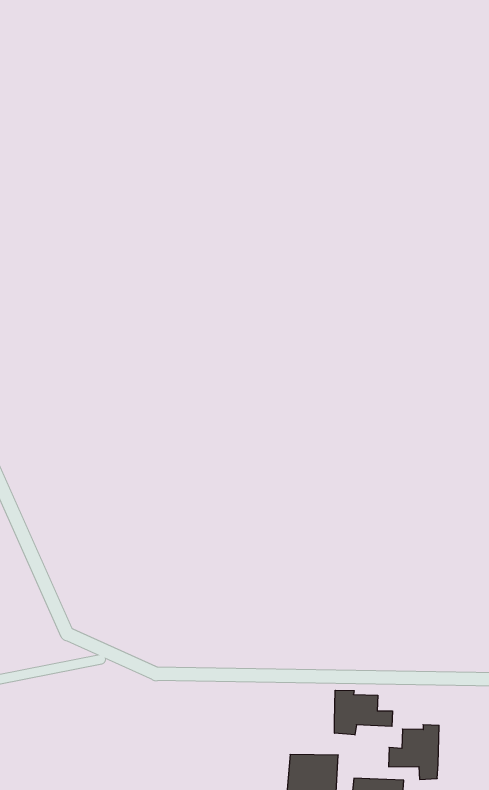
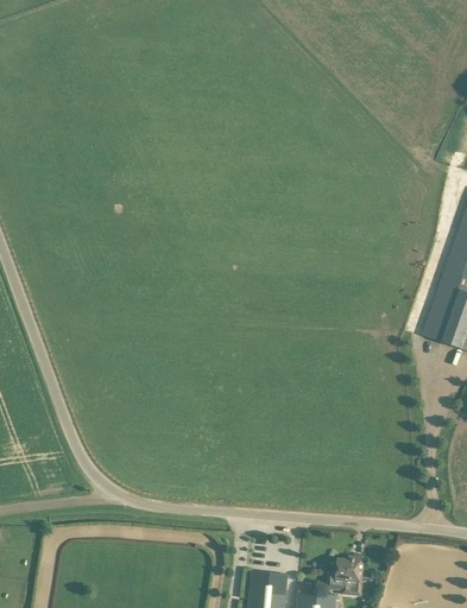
building: [334,690,392,735] -> none

